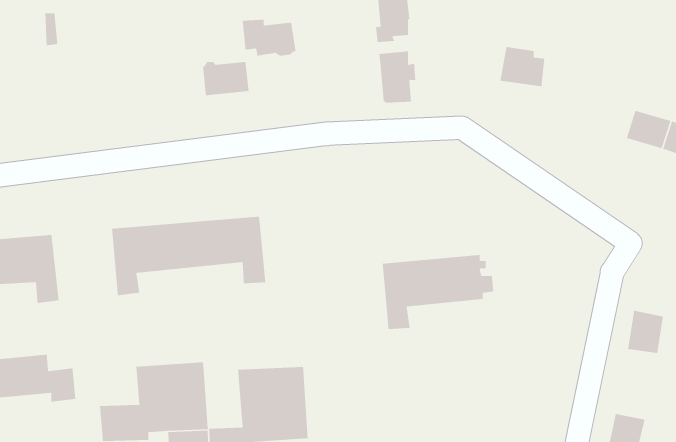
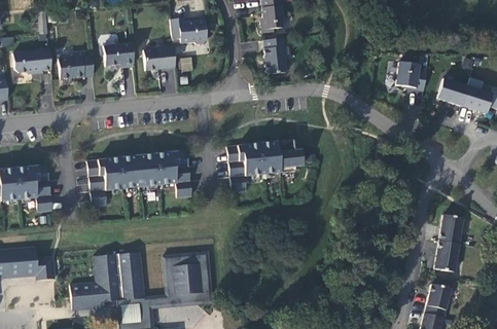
building: [500,46,545,87] -> [393,62,424,89]
building: none -> [108,41,138,65]
building: none -> [15,47,54,71]
building: none -> [62,49,97,76]
building: [382,254,494,330] -> [226,140,303,191]
building: none -> [432,241,457,271]

